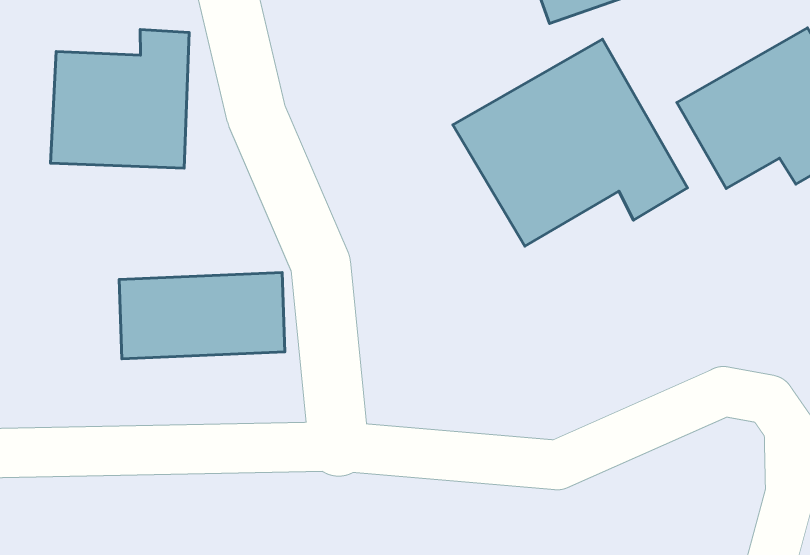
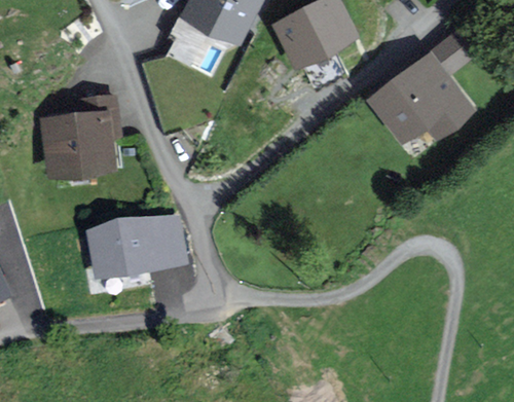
building: [453,39,688,246] -> none

